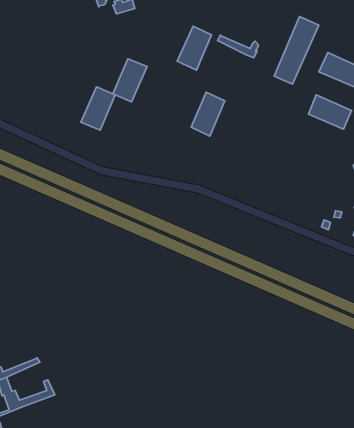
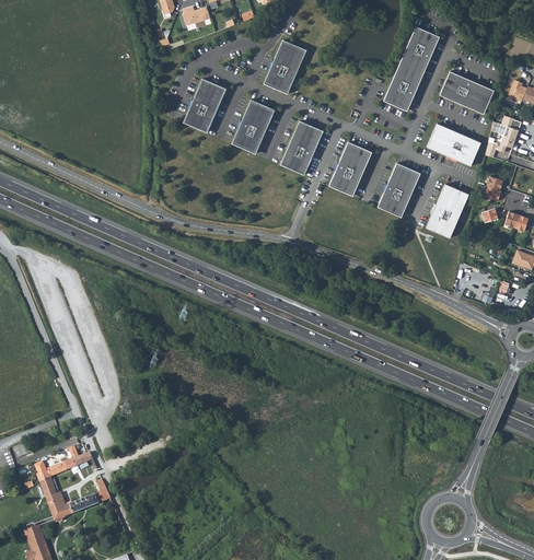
building: [217,35,259,58] -> none
building: [81,87,115,130] -> [231,100,274,153]
building: none -> [328,141,371,196]
building: none -> [376,163,419,217]
building: none -> [426,183,468,238]

